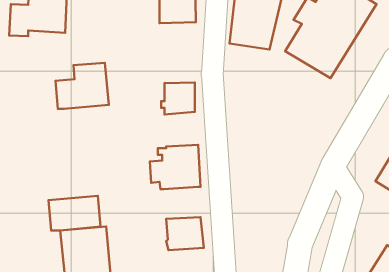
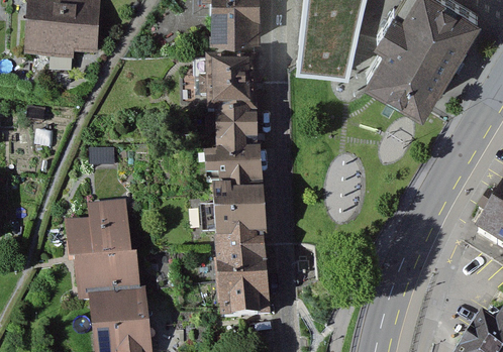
building: none -> [201,60,256,115]
building: [56,63,109,109] -> [66,200,131,256]
building: none -> [207,148,260,191]
building: none -> [217,240,263,279]

